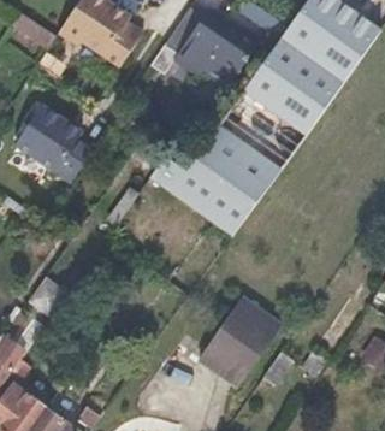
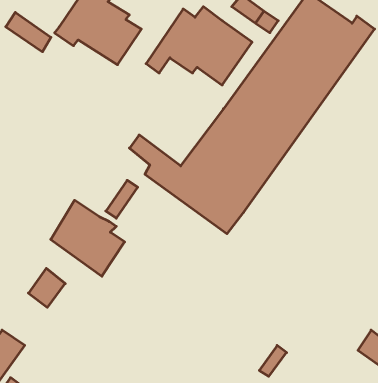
building: [18,104,93,181] -> [51,200,125,276]
building: [199,295,280,383] -> none

